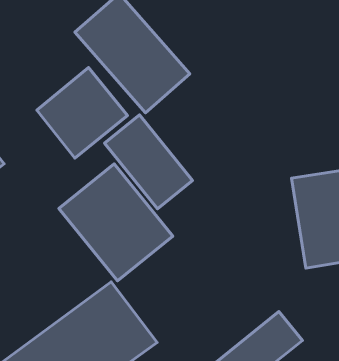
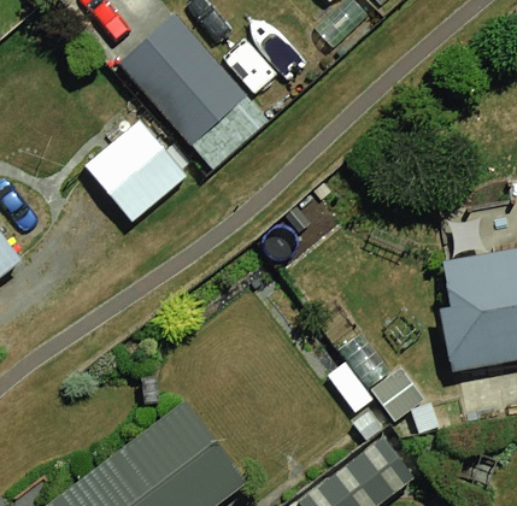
building: [105,115,193,209] -> none
building: [59,164,173,281] -> none

